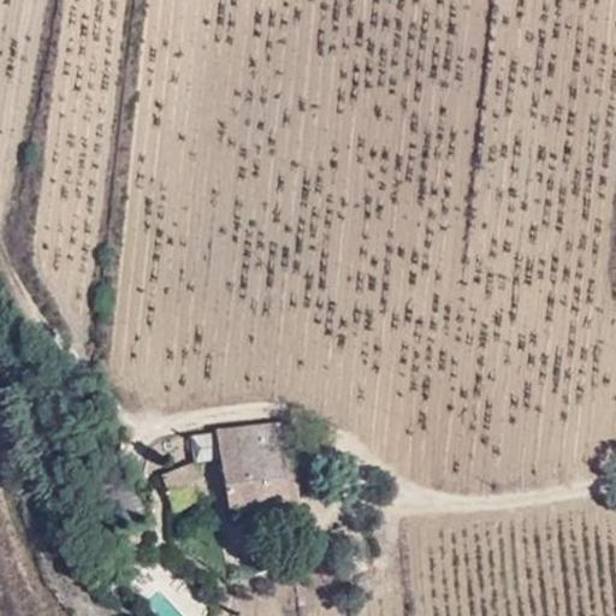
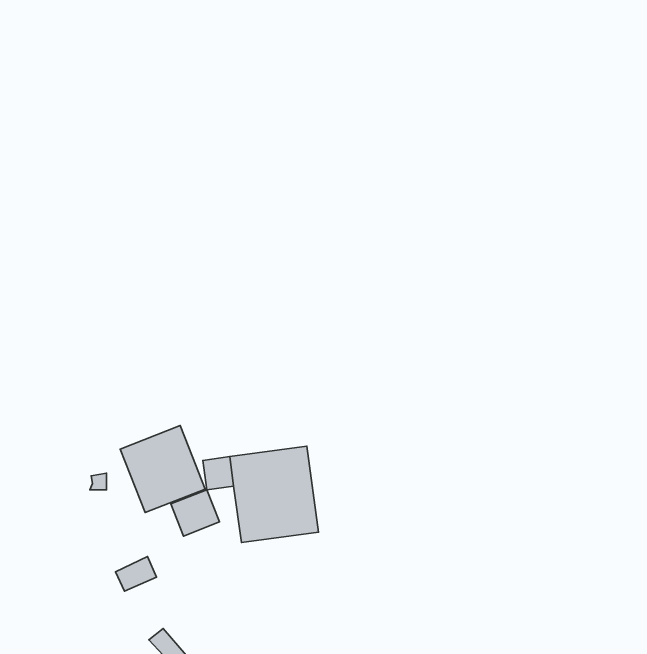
building: none -> [120,426,205,513]

